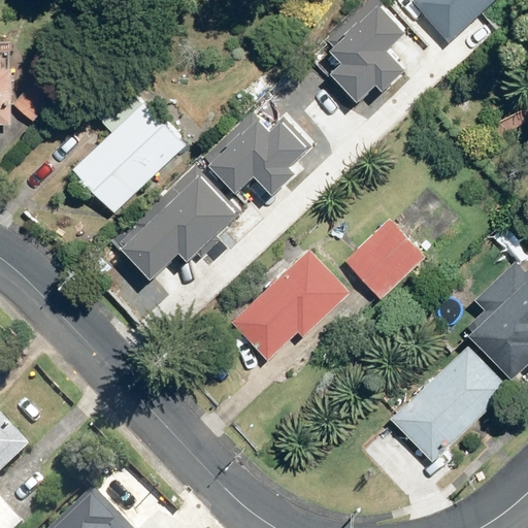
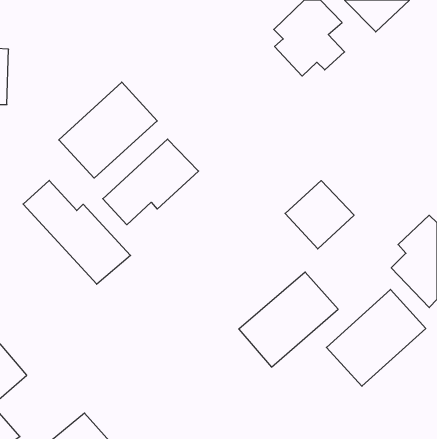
building: [205,108,306,194] -> none
building: none -> [23,180,131,284]
building: [231,251,350,364] -> [239,272,338,367]

